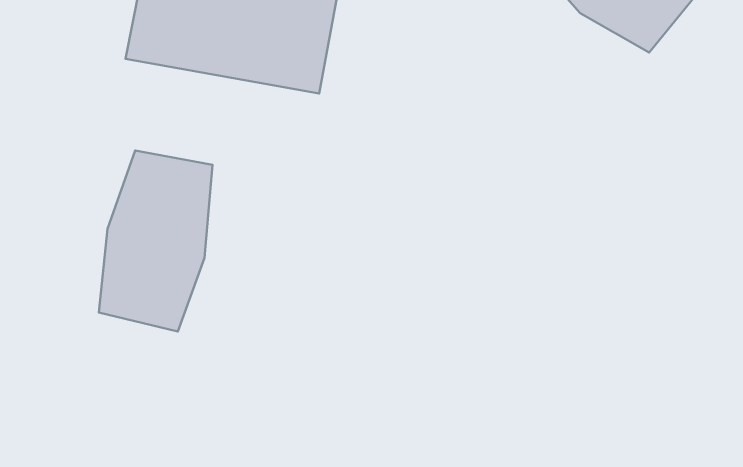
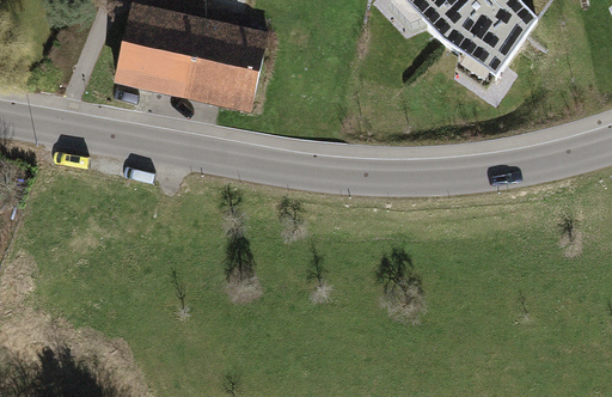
building: [99,151,213,332] -> none

